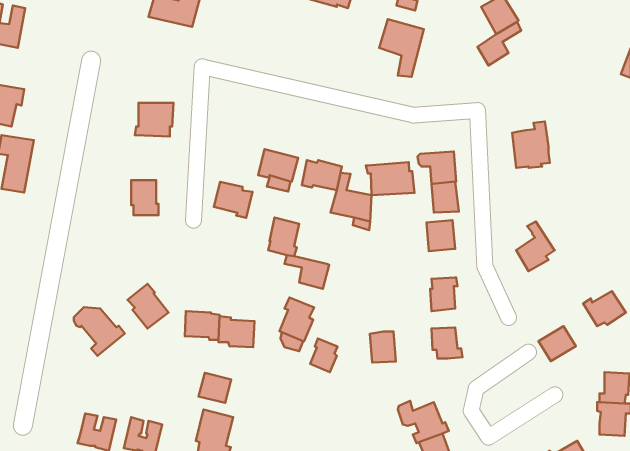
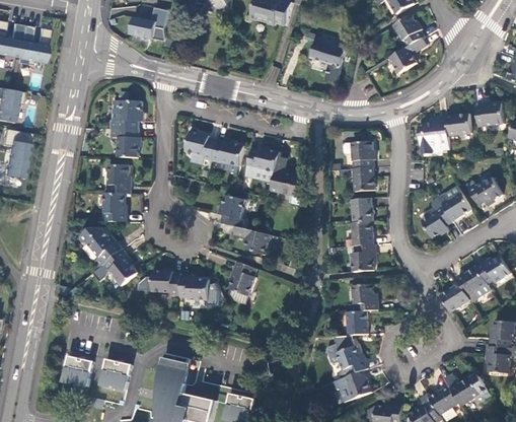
building: none -> [14,24,48,64]
building: none -> [474,103,502,126]
building: none -> [444,115,469,137]
building: none -> [110,128,139,156]
building: [366,162,414,195] -> none
building: [214,182,253,218] -> [185,131,216,160]
building: none -> [467,177,502,205]
building: none -> [437,185,471,220]
building: none -> [103,192,127,220]
building: none -> [349,220,371,244]
building: none -> [455,265,490,301]
building: [74,307,125,356] -> [79,227,121,267]
building: [370,331,396,363] -> [346,309,367,335]
building: [310,338,338,372] -> none
building: [199,373,231,403] -> none

